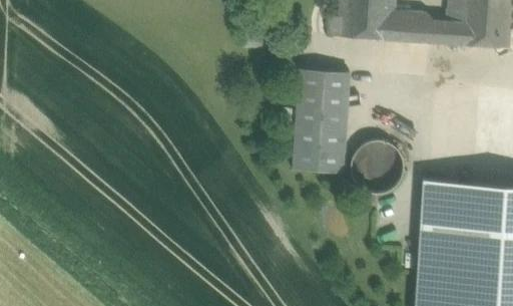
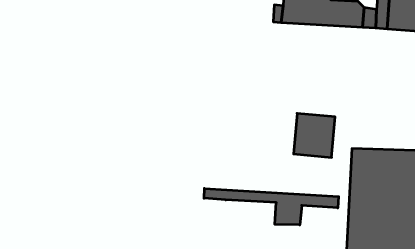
building: [294,70,352,174] -> none
building: none -> [204,188,339,225]

